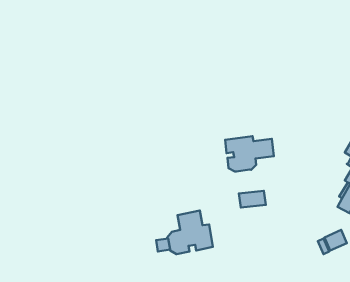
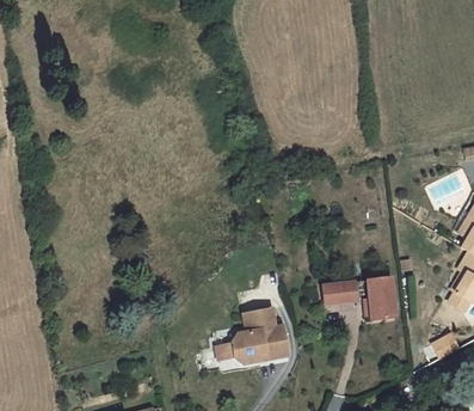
building: [225,136,274,172] -> none
building: none -> [367,277,395,318]

